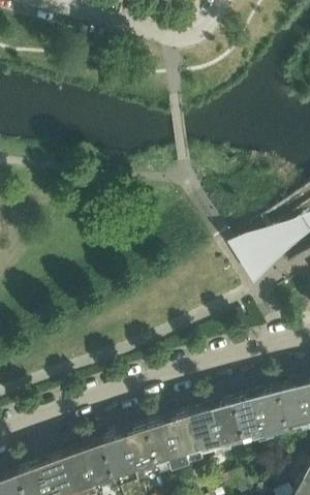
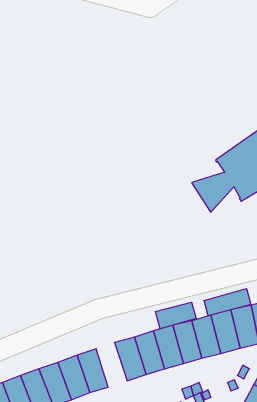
building: none -> [204,289,251,316]
building: none -> [156,302,196,329]
building: [125,425,160,475] -> none

